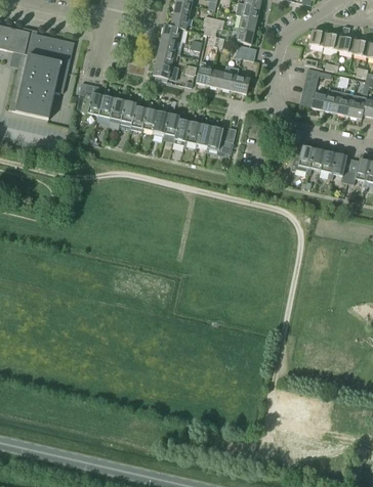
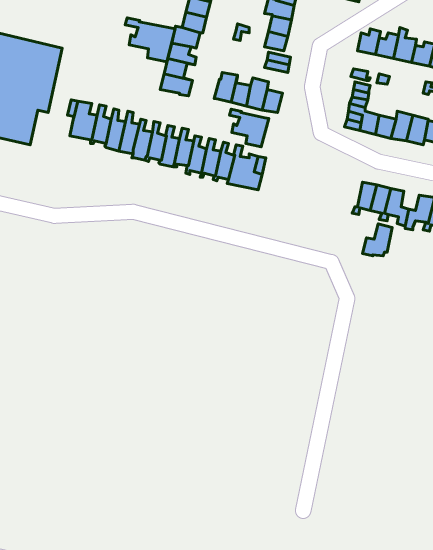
building: none -> [125,18,175,62]
building: none -> [230,109,269,147]
building: [289,144,313,170] -> [363,224,392,256]

